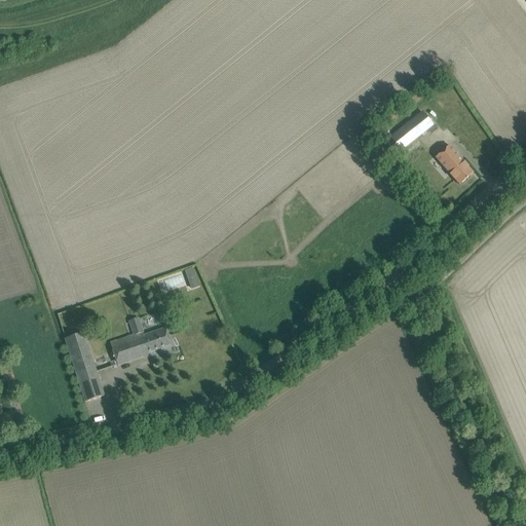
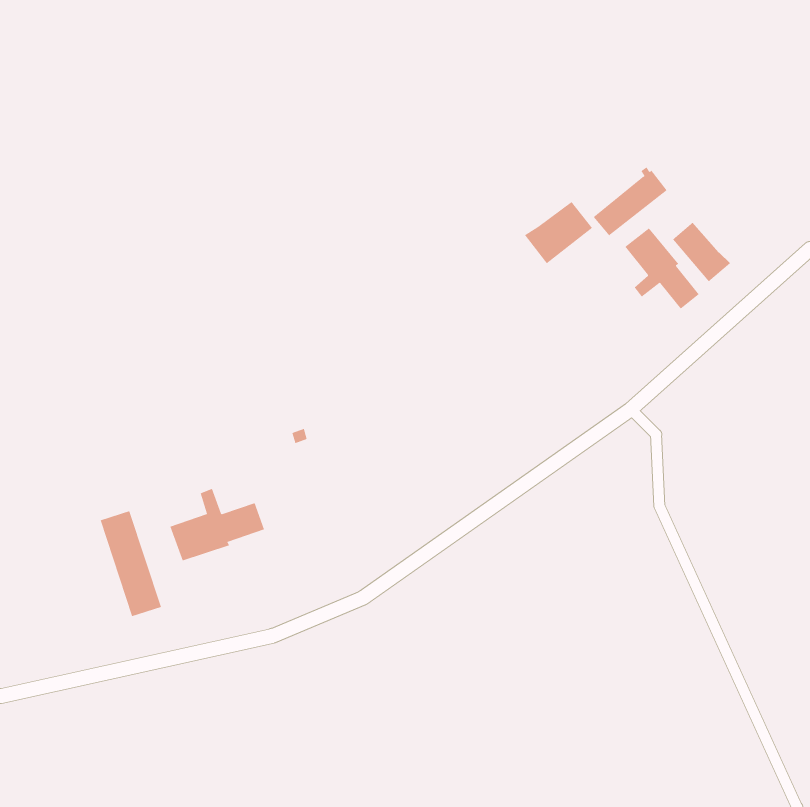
building: none -> [524,201,593,264]
building: none -> [624,227,700,309]

